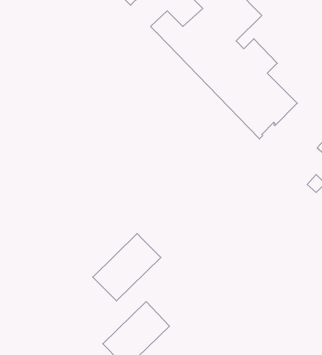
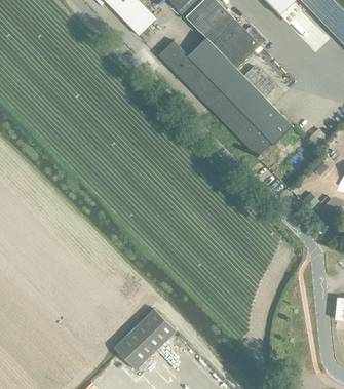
building: [93,234,161,301] -> none

